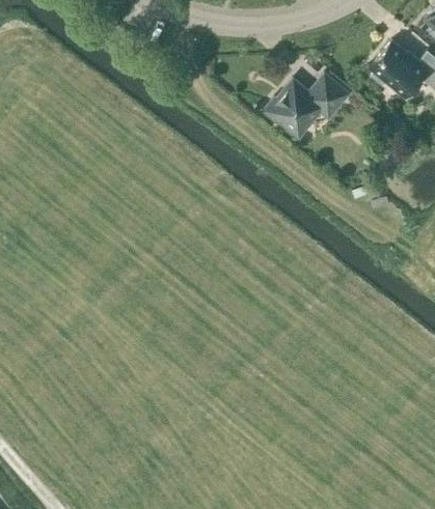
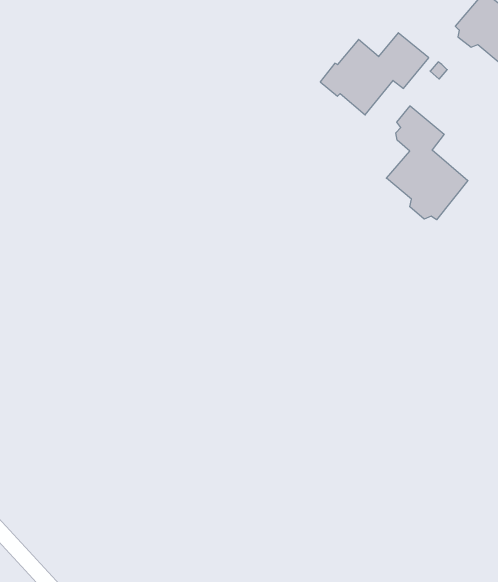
building: none -> [386,106,468,220]

